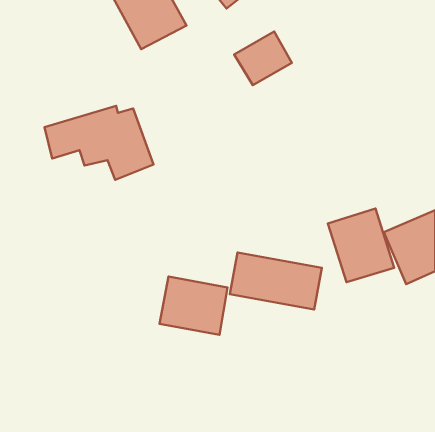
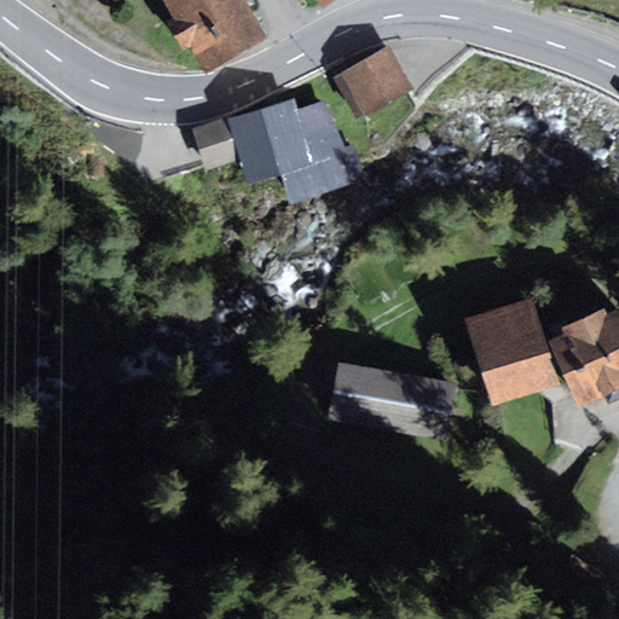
building: [44,106,153,180] -> [195,100,349,206]
building: [160,277,228,335] -> none

